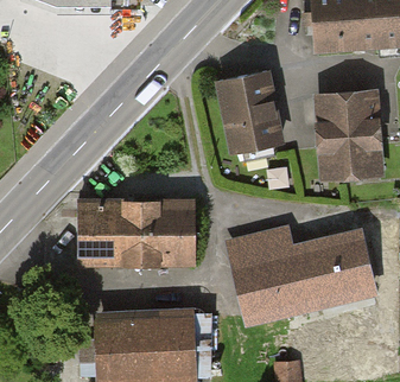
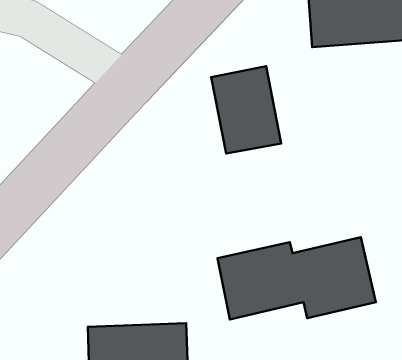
building: [317,90,386,182] -> none
building: [75,199,192,266] -> none

